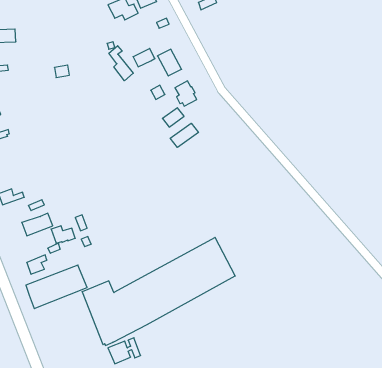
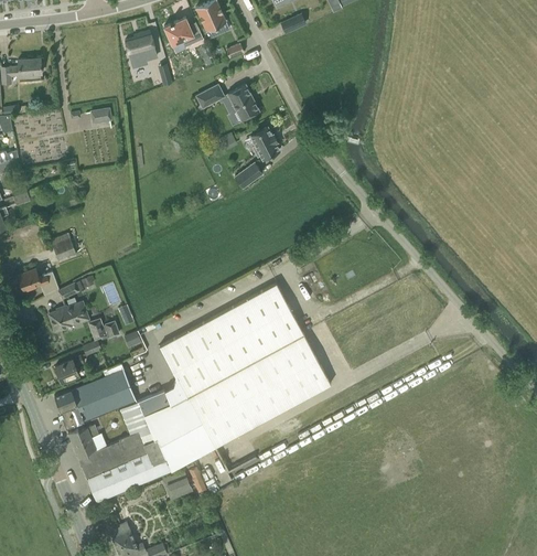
building: none -> [125,32,157,63]
building: [109,46,133,81] -> none
building: [170,123,198,147] -> none
building: none -> [50,234,76,263]
building: none -> [159,285,303,407]
building: none -> [67,406,159,502]

